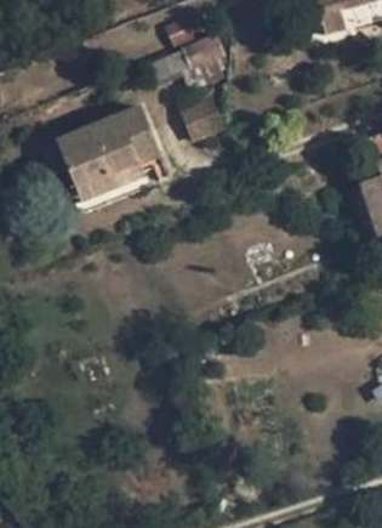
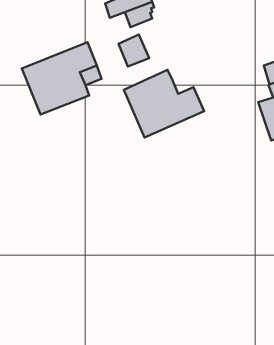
building: none -> [124,70,204,138]

